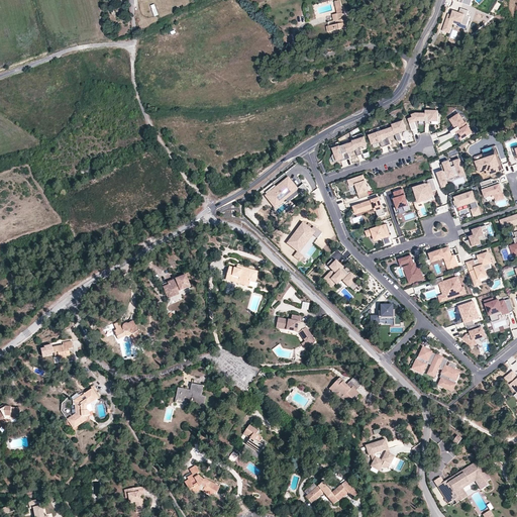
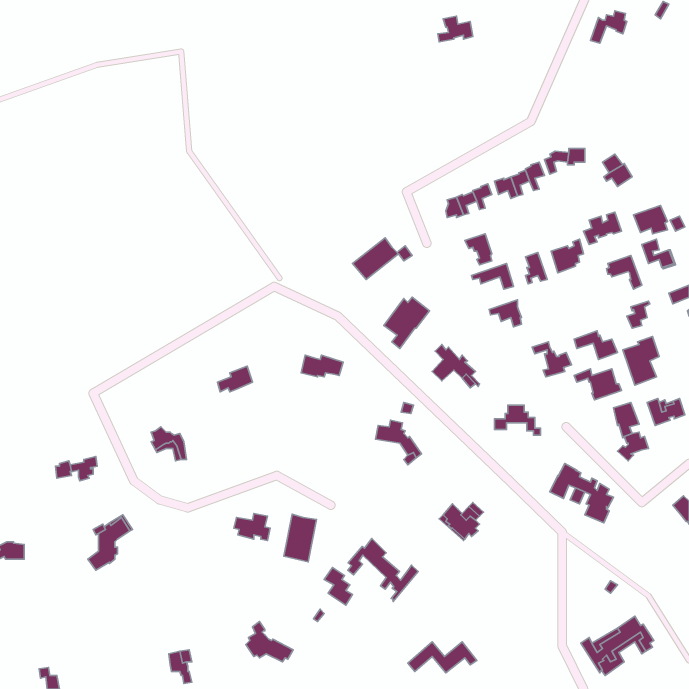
building: none -> [284,514,317,562]
building: none -> [348,539,418,601]
building: [365,439,393,471] -> none

